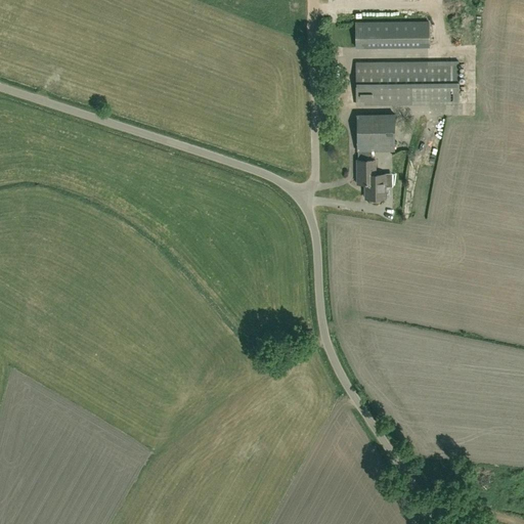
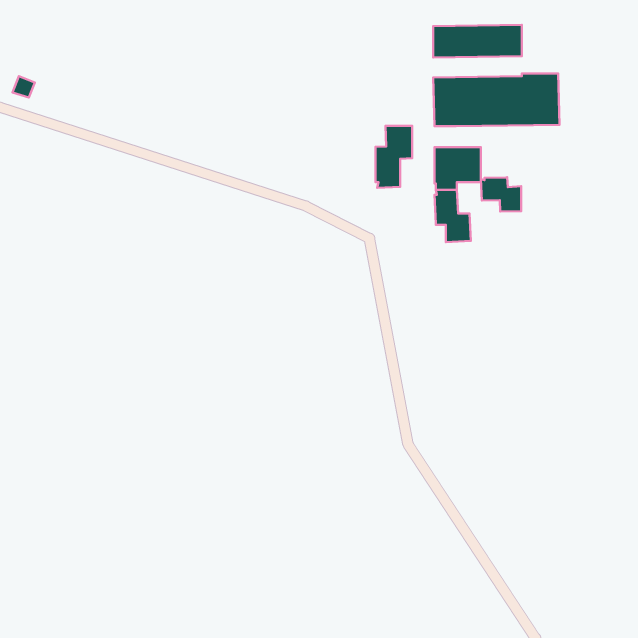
building: none -> [376,126,412,188]
building: none -> [481,177,521,211]

